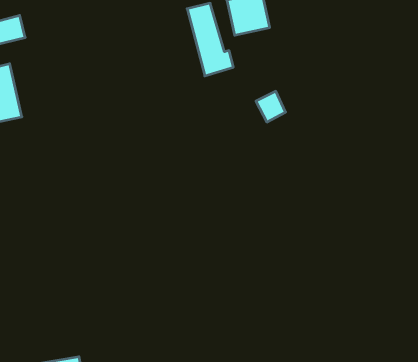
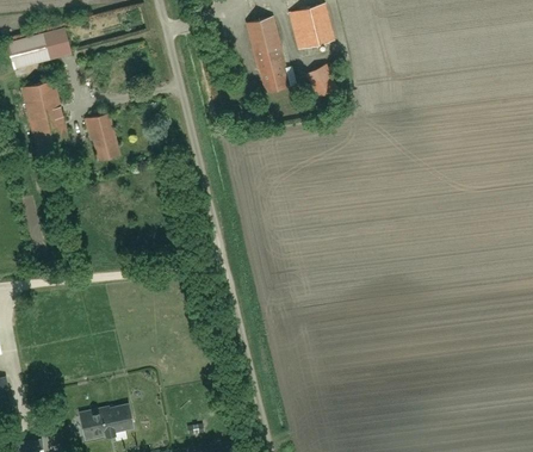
building: [256,91,286,122] -> [304,64,336,98]
building: none -> [83,113,119,161]

